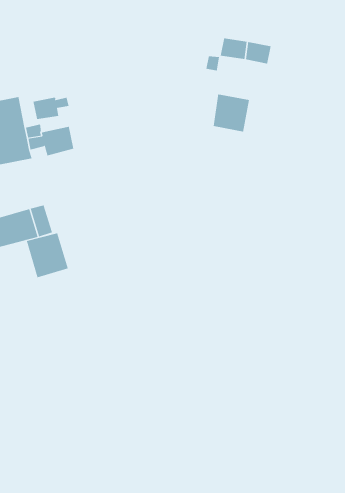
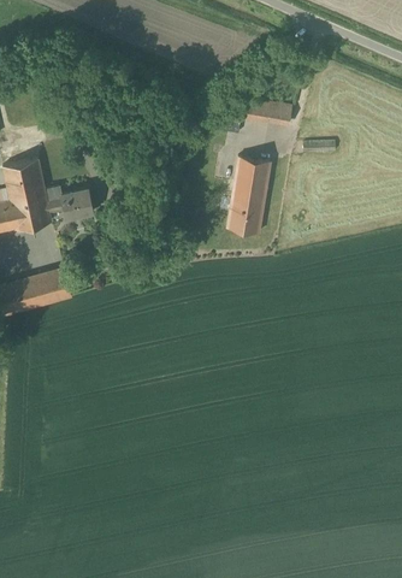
building: [33,97,69,120] -> none
building: none -> [229,188,266,232]
building: [26,233,68,278] -> none

